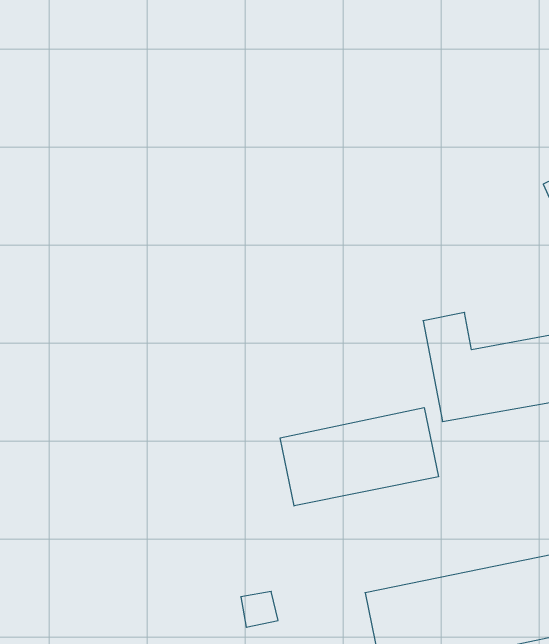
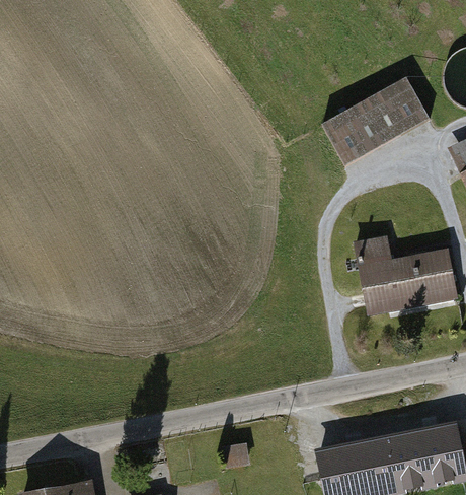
building: none -> [321,76,429,164]
building: [280,408,438,506] -> none

